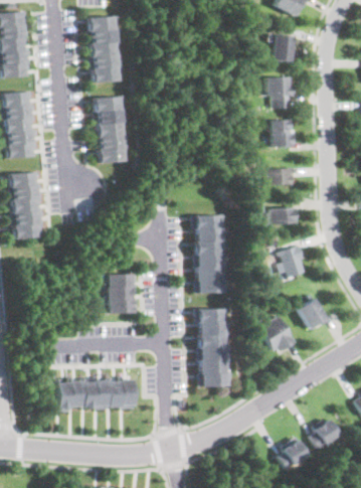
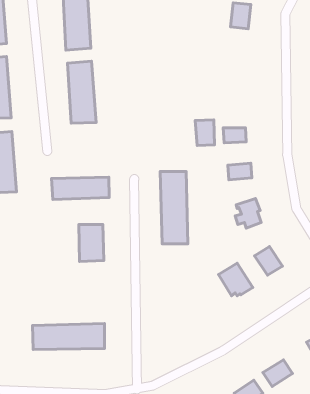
building: [266,75,293,107] -> none
building: [270,119,292,147] -> [195,120,215,146]
building: none -> [52,177,109,200]
building: [199,309,229,387] -> none

